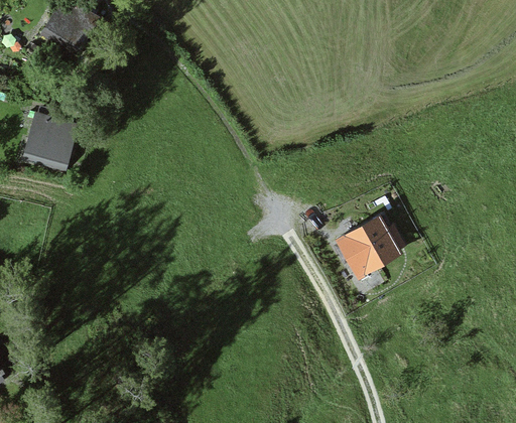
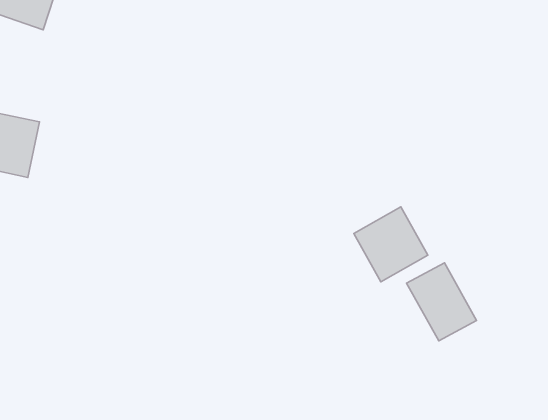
building: none -> [407,263,477,341]

